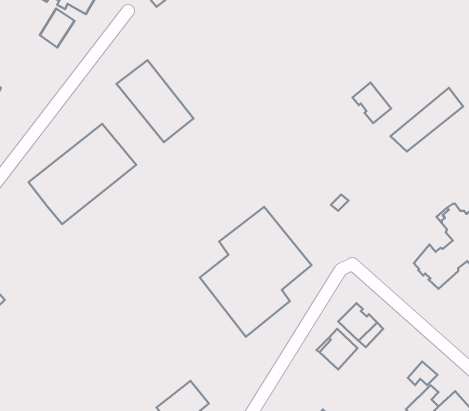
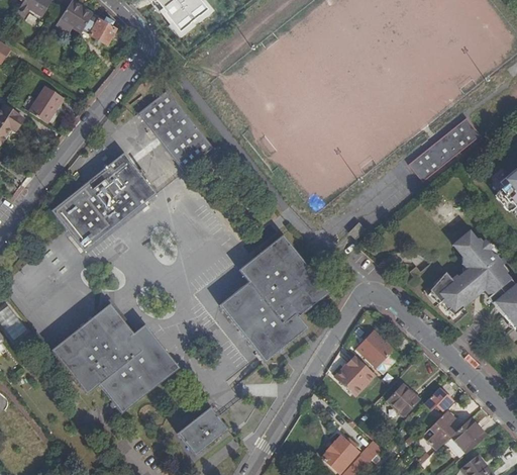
building: [40,9,75,48] -> [29,85,64,123]
building: [353,83,391,123] -> none
building: none -> [51,303,179,413]
building: none -> [386,383,419,416]

